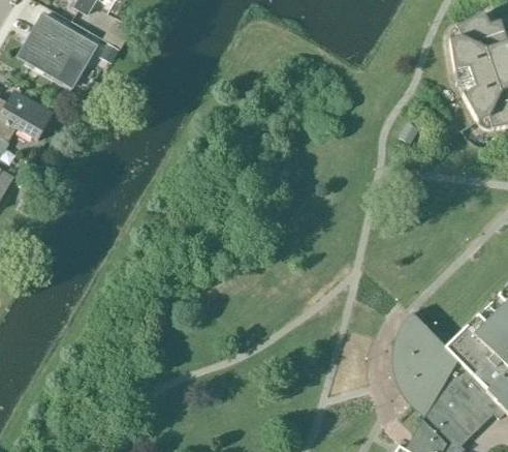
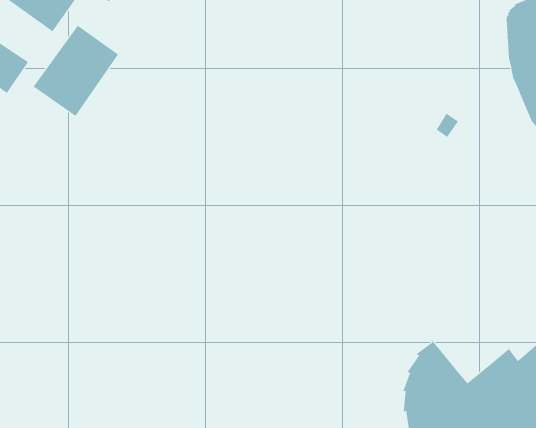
building: none -> [33,25,119,117]

